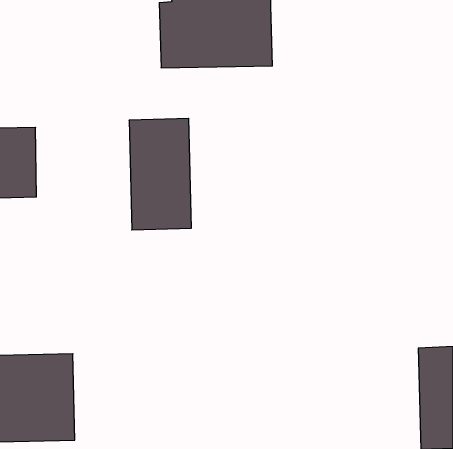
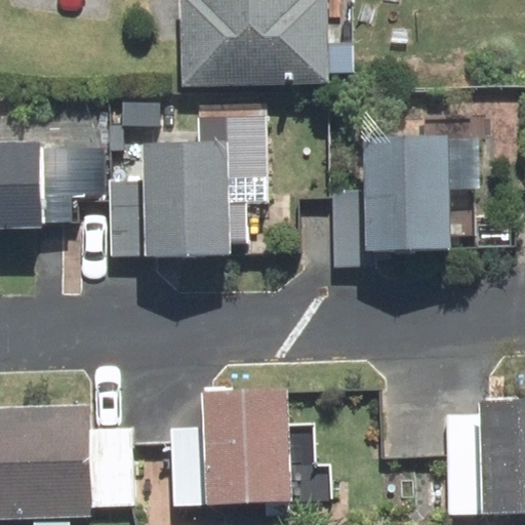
building: none -> [378,135,452,255]
building: none -> [211,389,285,502]

